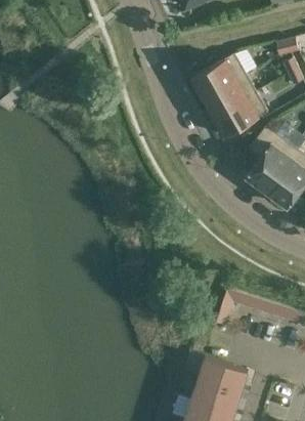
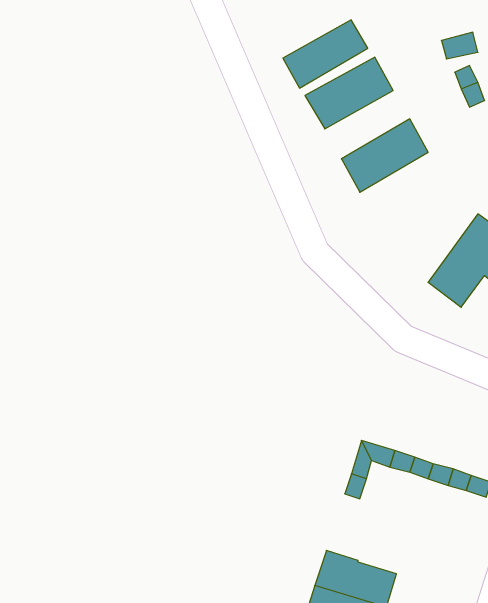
building: [203,74,255,116] -> [283,20,368,88]
building: [246,125,297,192] -> none

